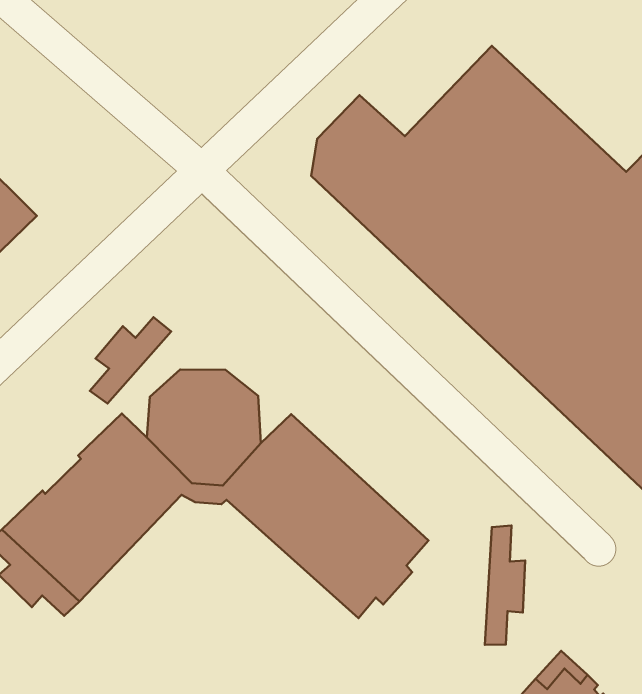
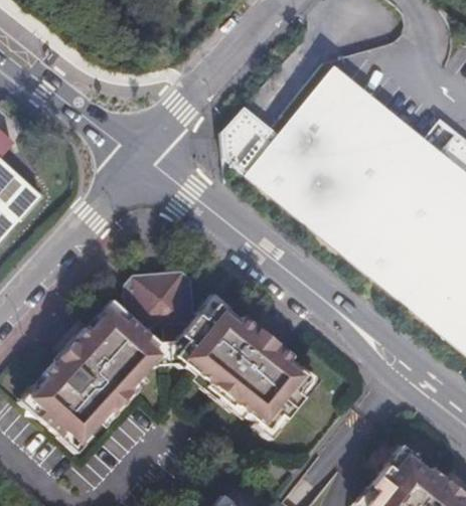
building: [90,317,171,403] -> none
building: [485,526,525,645] -> none

